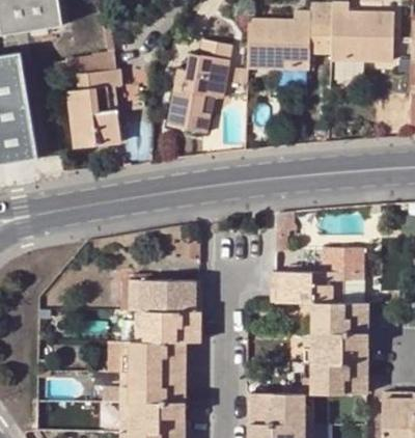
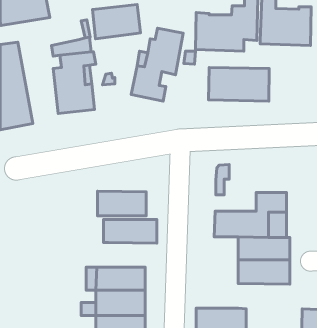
building: none -> [92,5,140,39]
building: none -> [208,67,269,101]
building: [137,310,198,341] -> [98,191,146,216]
building: [301,362,366,394] -> none

